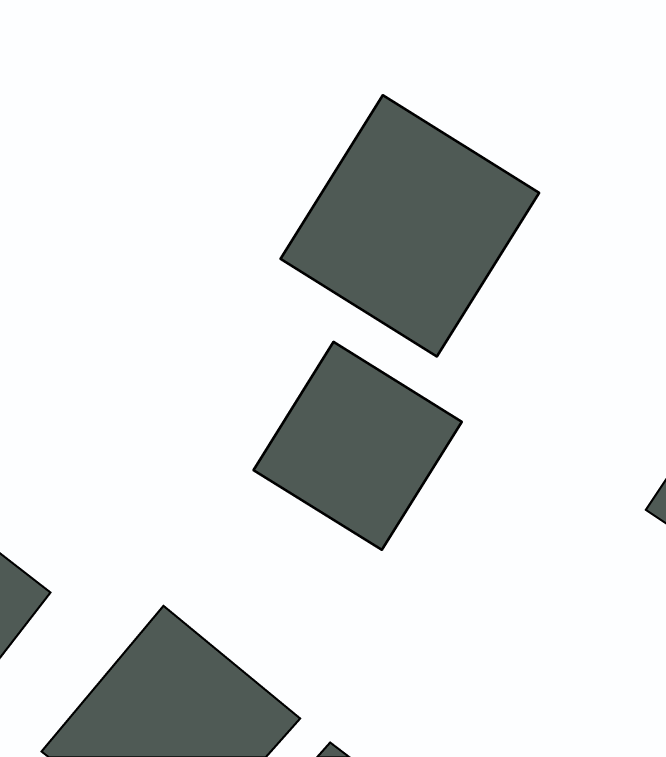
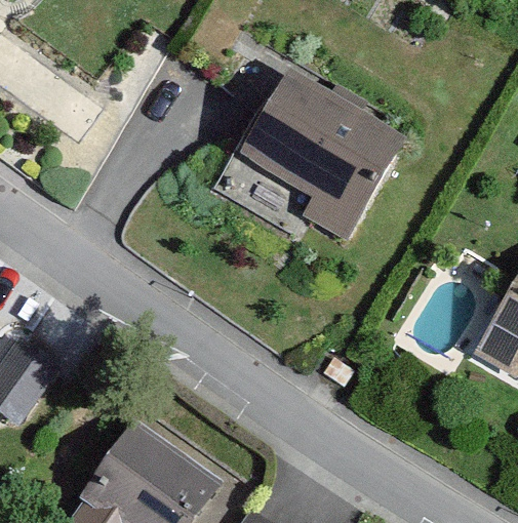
building: [254,342,462,550] -> none

